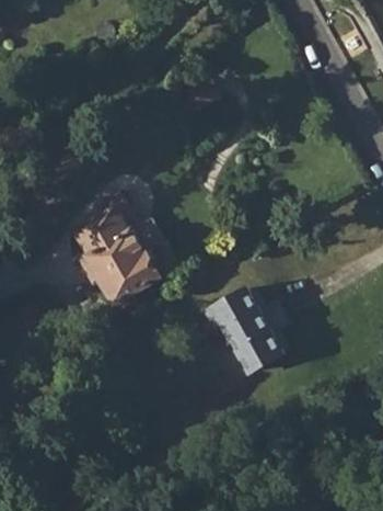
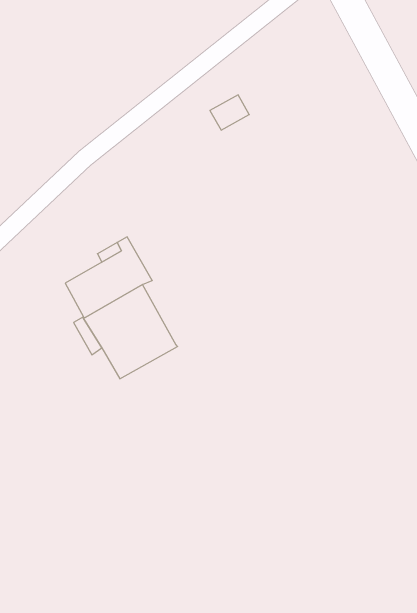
building: [207,286,285,371] -> none

